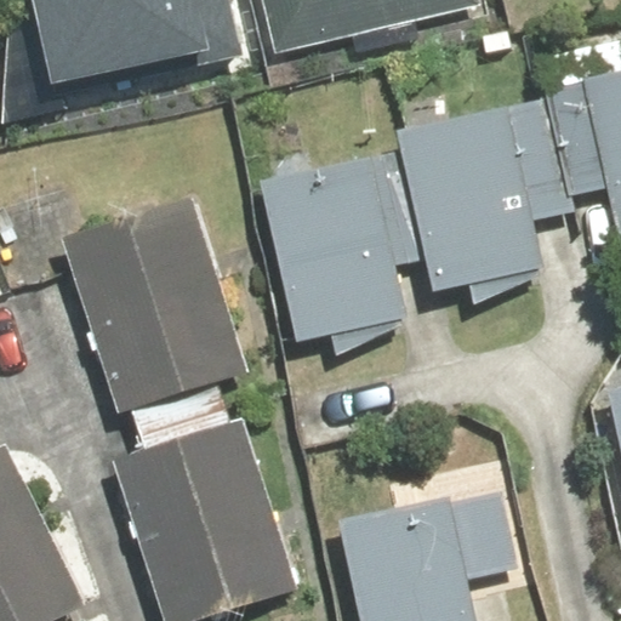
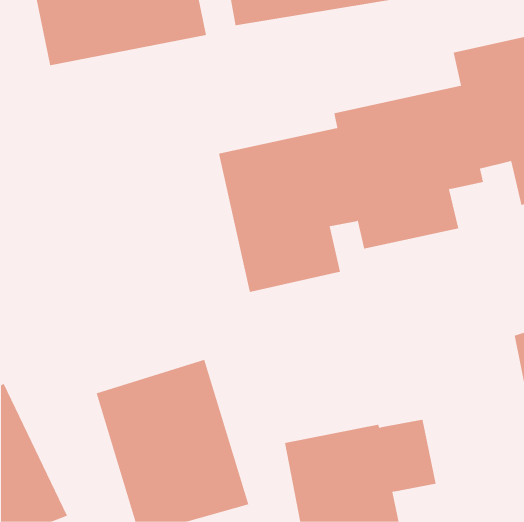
building: [61,200,250,420] -> none

